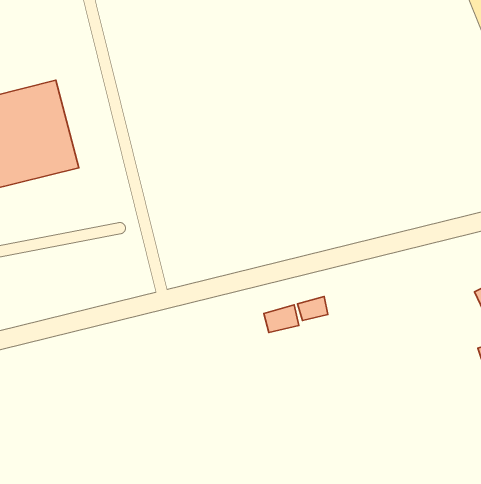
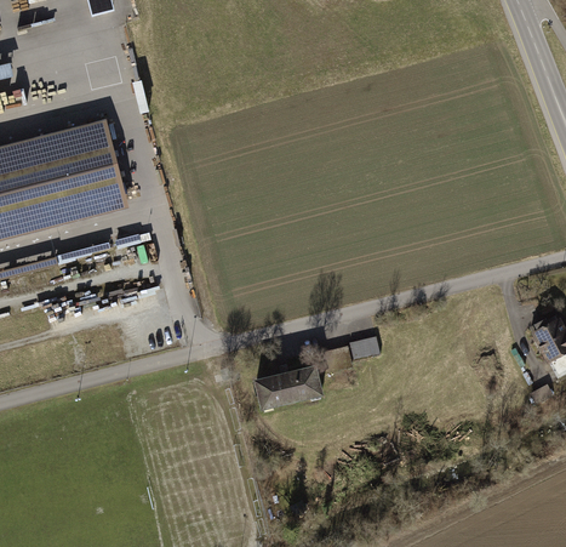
building: none -> [247,366,318,411]

